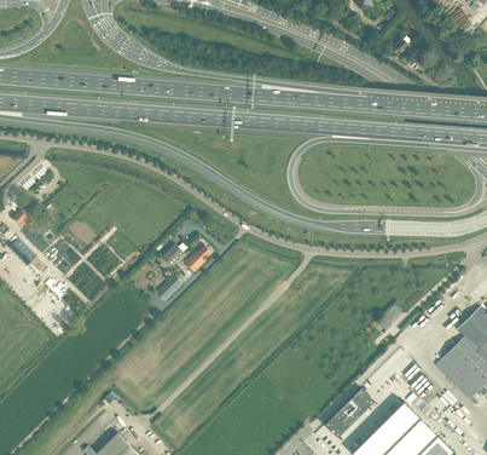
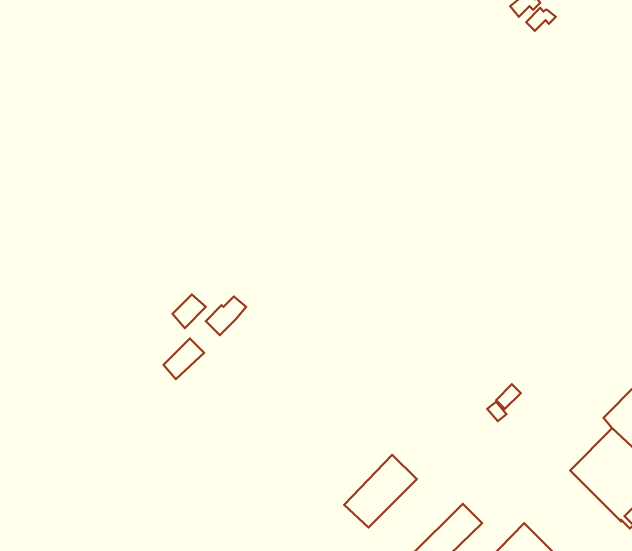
building: none -> [344,455,417,527]

